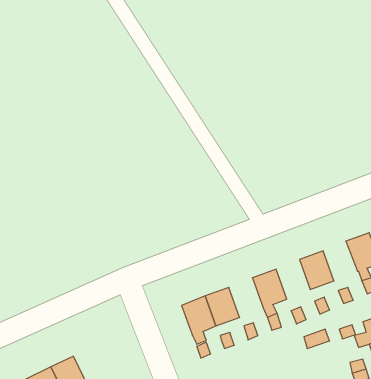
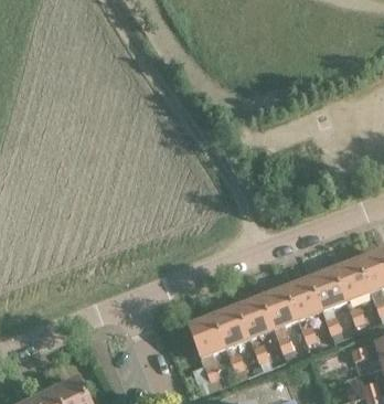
building: none -> [334,258,370,299]
building: none -> [286,277,321,318]
building: none -> [237,296,273,337]

